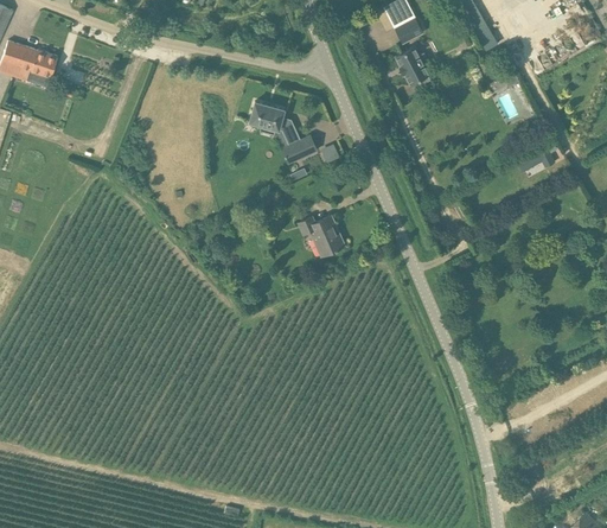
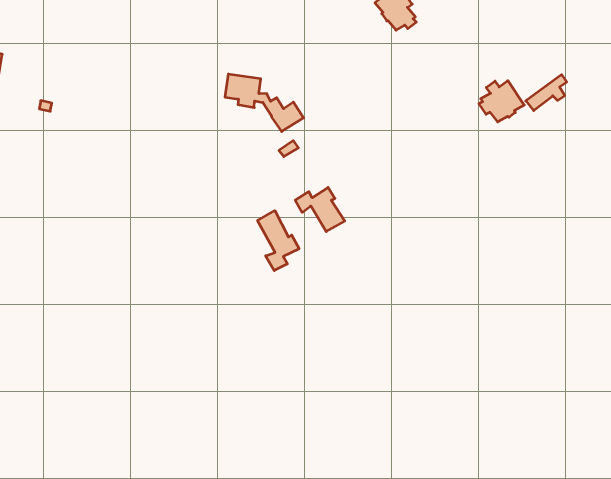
building: none -> [479,81,524,122]
building: none -> [258,211,299,271]

